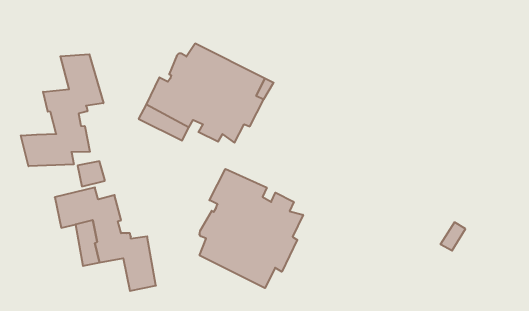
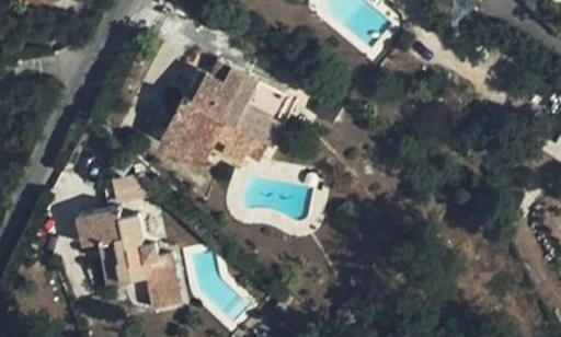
building: [21,54,103,166] -> none
building: [199,169,303,288] -> none

